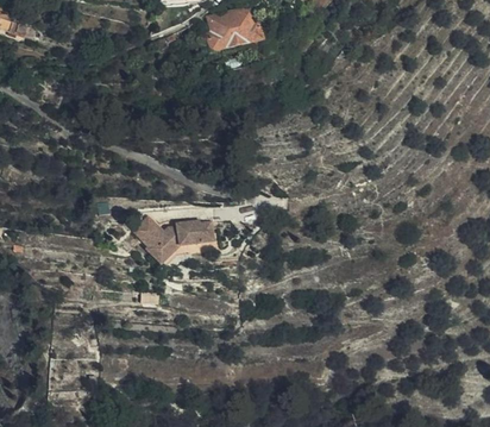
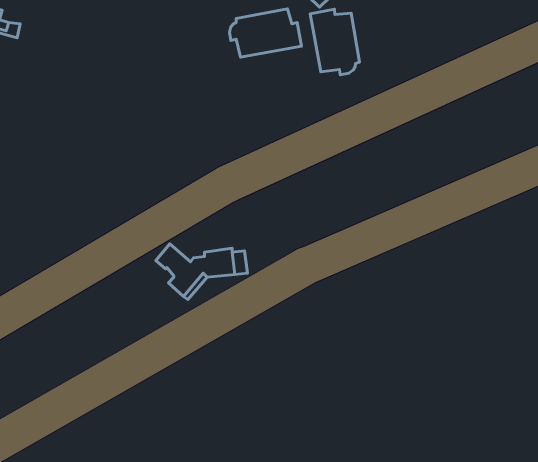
building: none -> [310,9,360,75]

